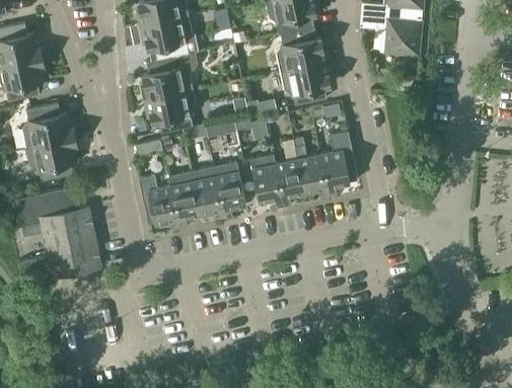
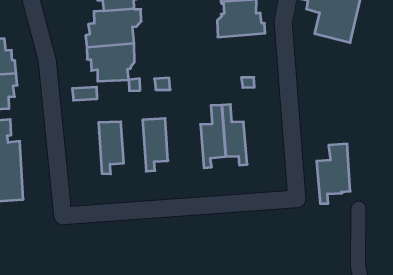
building: [279,57,332,103] -> none
building: [318,130,358,196] -> [317,144,350,204]
building: [249,153,284,208] -> none
building: [191,165,224,220] -> none
building: [138,174,178,229] -> none

